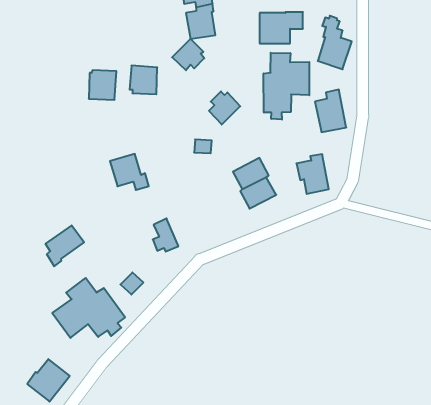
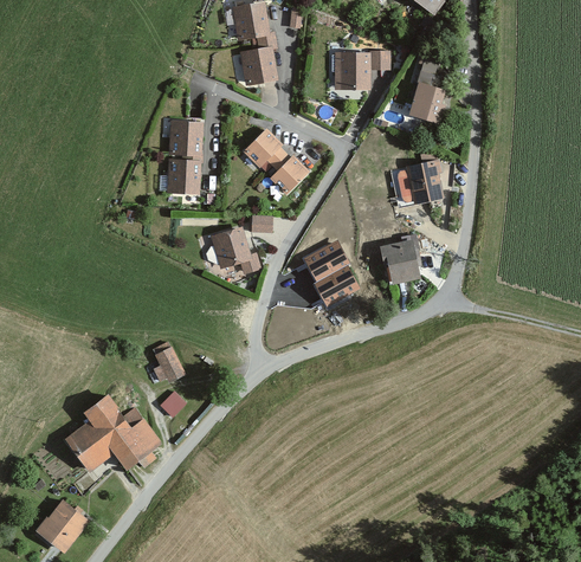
building: [172,39,204,70] -> [243,128,284,168]
building: [264,53,309,120] -> none
building: [89,70,116,100] -> [166,155,201,193]
building: [110,154,149,190] -> [209,227,259,273]
building: [153,218,178,252] -> [150,341,183,383]
building: [46,225,84,266] -> none

